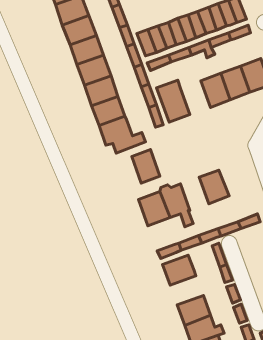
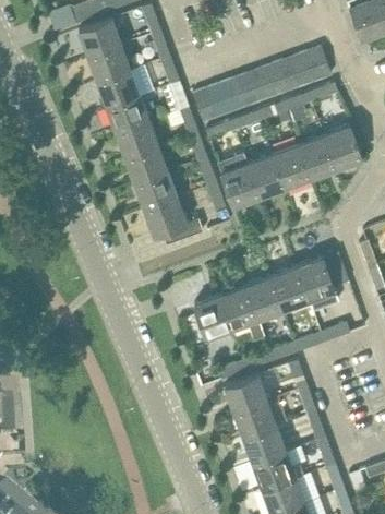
building: none -> [248,153,286,195]
building: [132,150,160,183] -> [248,275,284,318]
building: none -> [297,256,335,299]
building: none -> [234,401,277,438]

